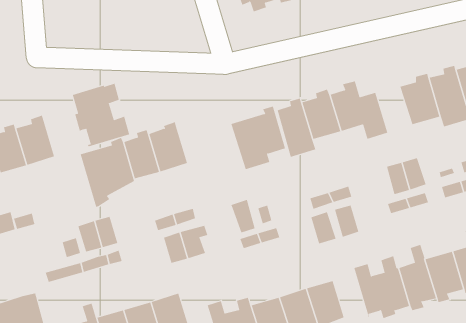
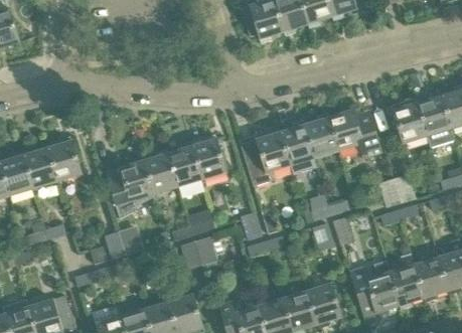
building: [72,83,130,147] -> none
building: none -> [192,133,226,178]

